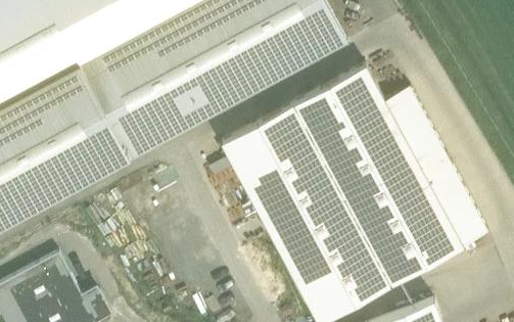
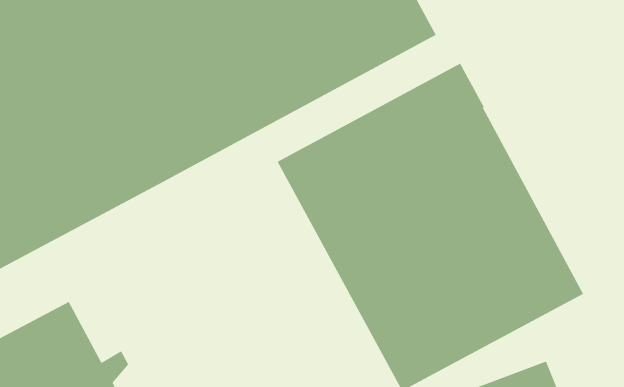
building: [384,88,488,247] -> none

